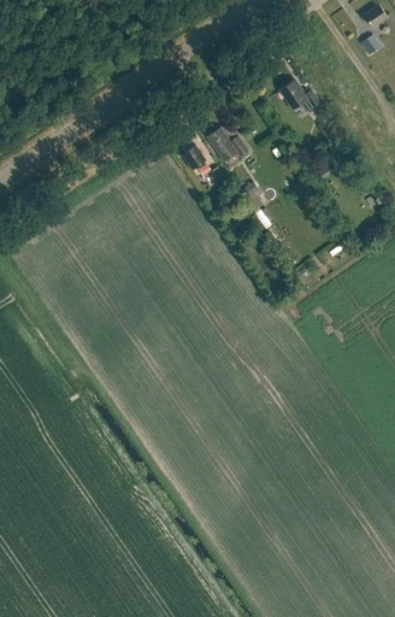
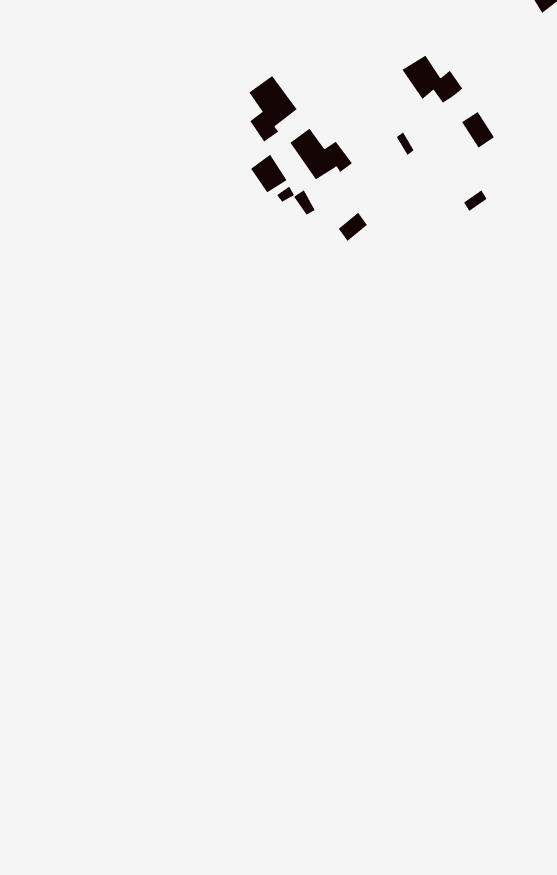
building: none -> [248,75,297,143]

